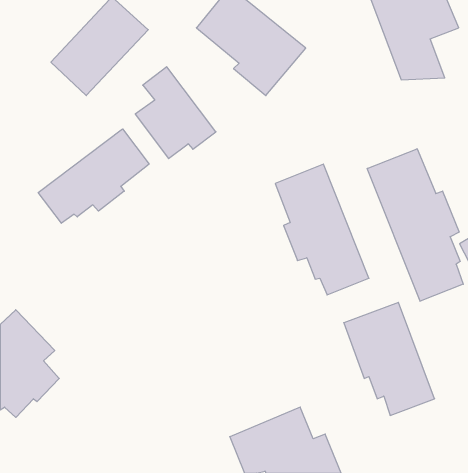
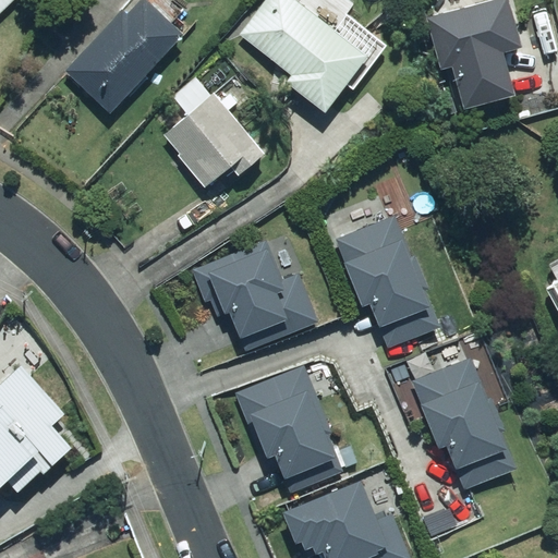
building: [38,129,149,223] -> none
building: [367,149,463,301] -> none
building: none -> [198,241,318,345]
building: none -> [235,367,336,481]

